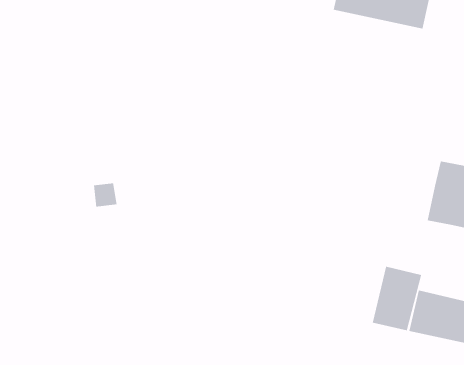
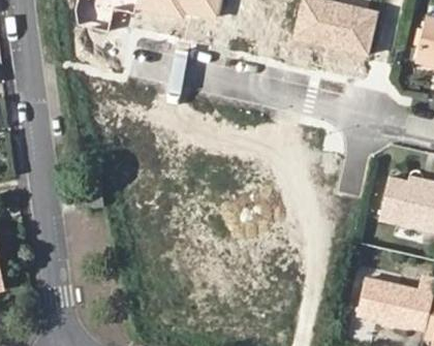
building: [372,266,422,331] -> none

